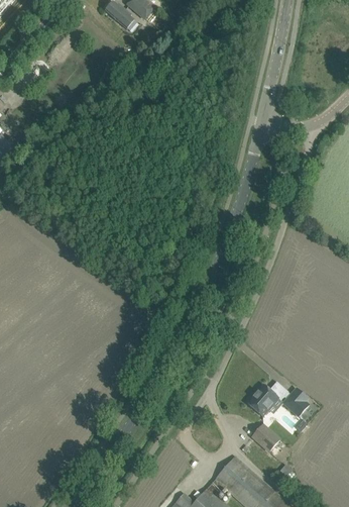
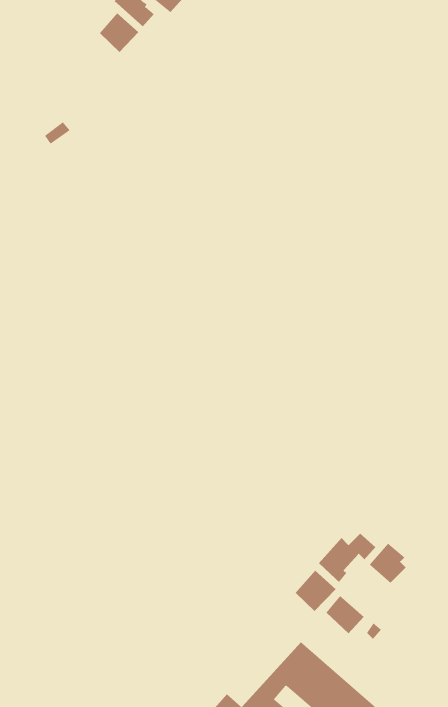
building: none -> [99,12,139,53]
building: none -> [295,570,336,612]

